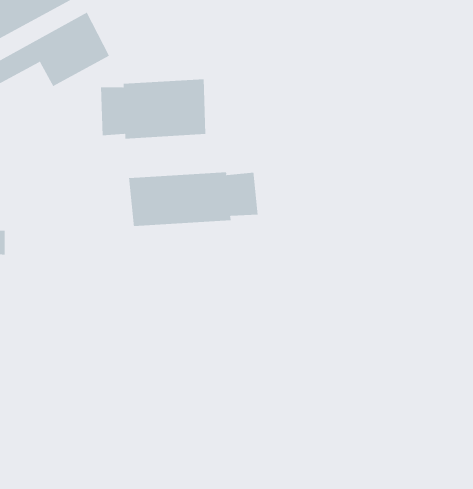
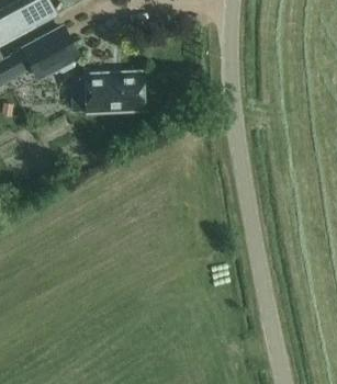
building: [129,172,258,227] -> none

